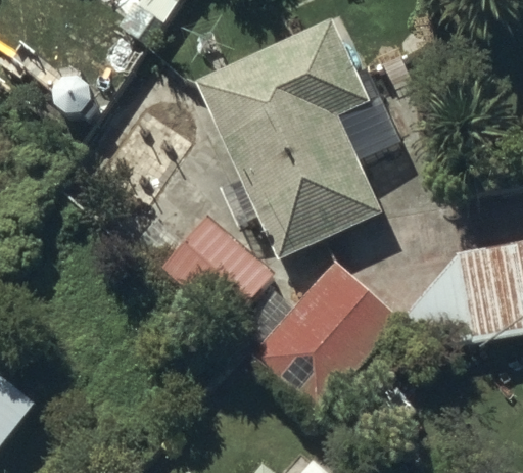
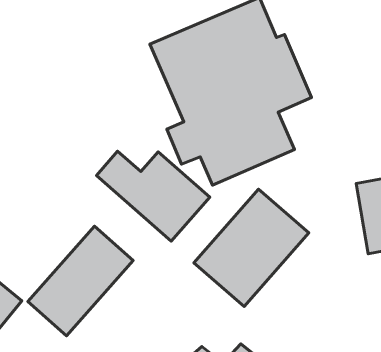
building: none -> [28,226,133,336]

